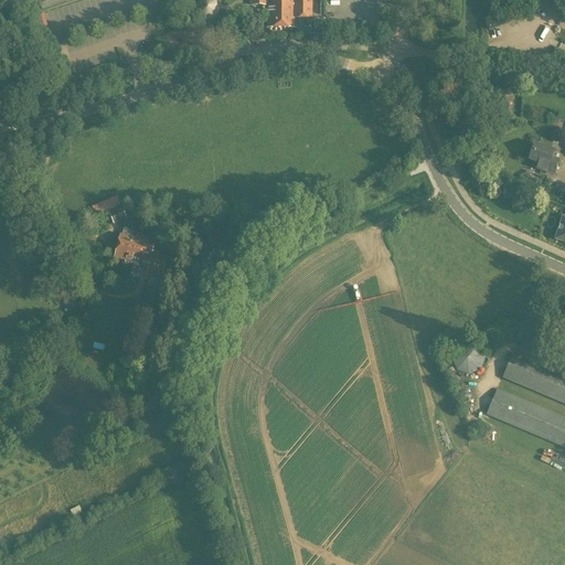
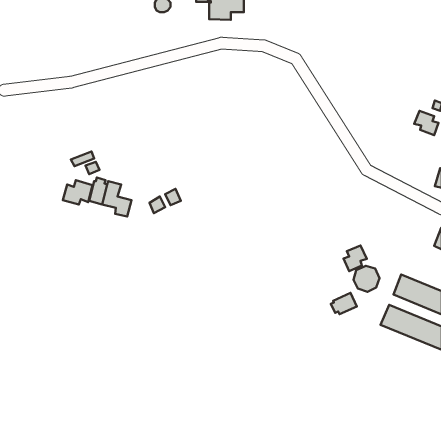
building: none -> [63,180,92,204]
building: none -> [344,245,367,271]
building: none -> [331,293,357,314]

